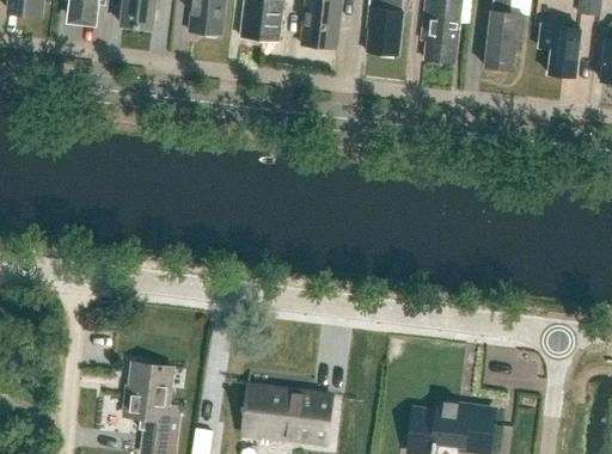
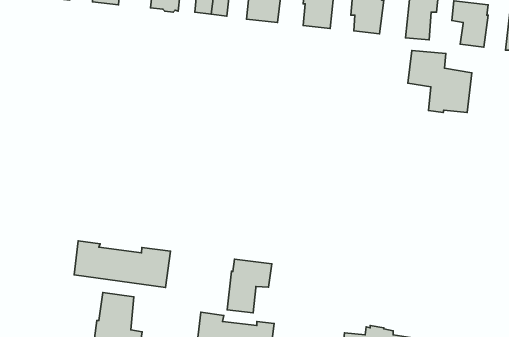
building: none -> [408,50,472,113]
building: none -> [74,241,170,288]
building: none -> [227,259,272,313]

